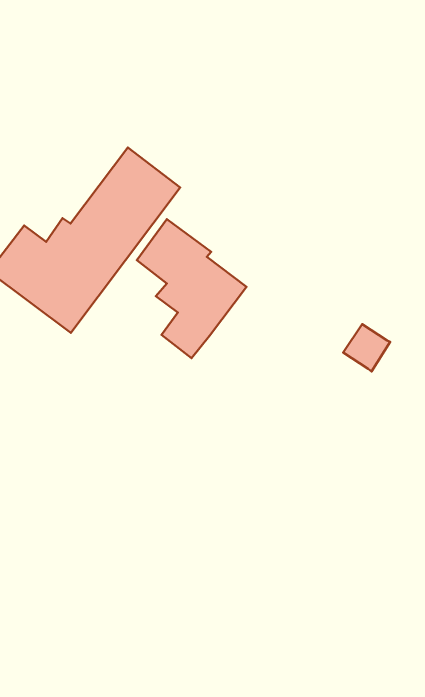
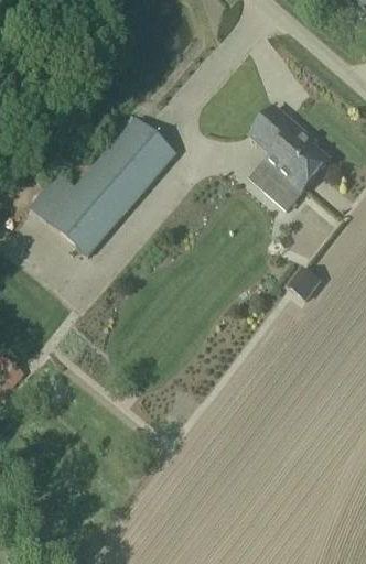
building: [137,219,247,358] -> [250,104,330,207]

